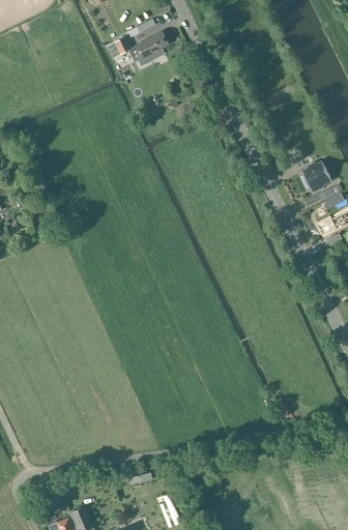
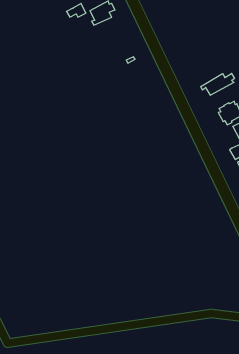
building: none -> [201,73,234,95]

